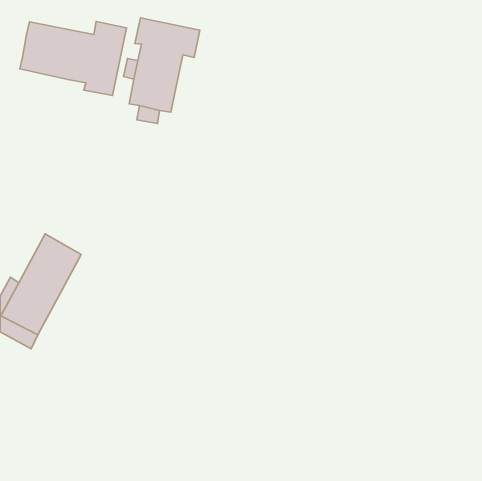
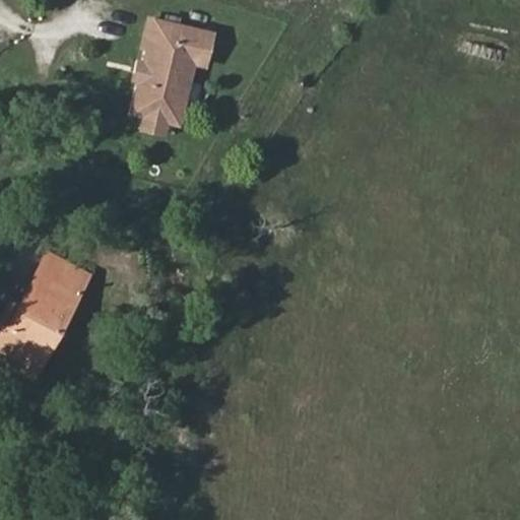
building: [20,22,127,95] -> none

